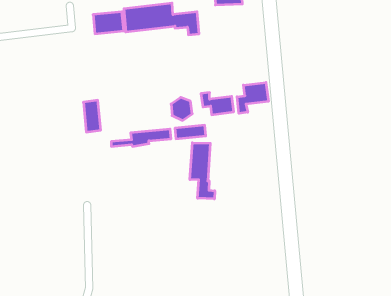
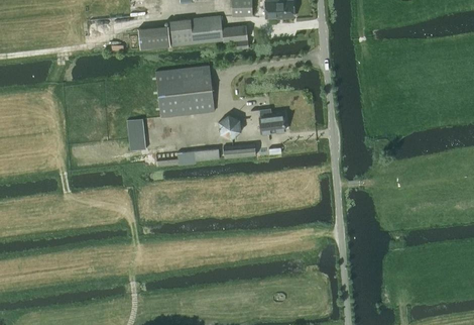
building: none -> [156,66,215,117]
building: [237,82,268,113] -> none
building: [190,143,215,199] -> none

